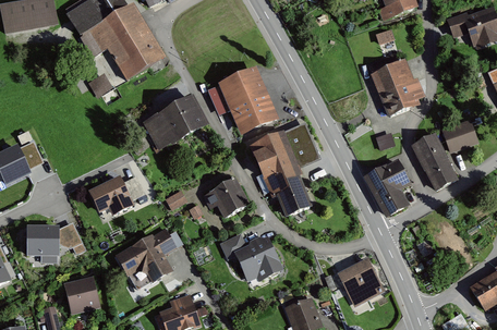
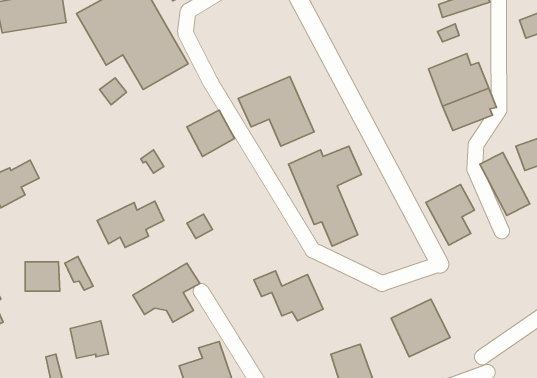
building: [145,112,177,149] -> none
building: [204,178,247,216] -> none

